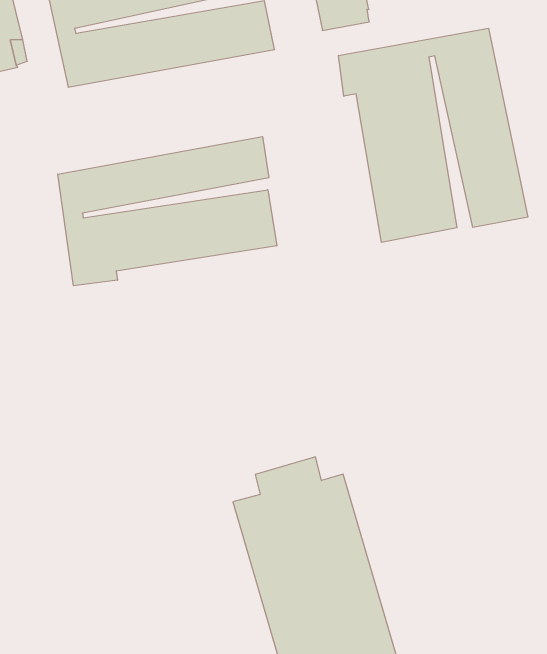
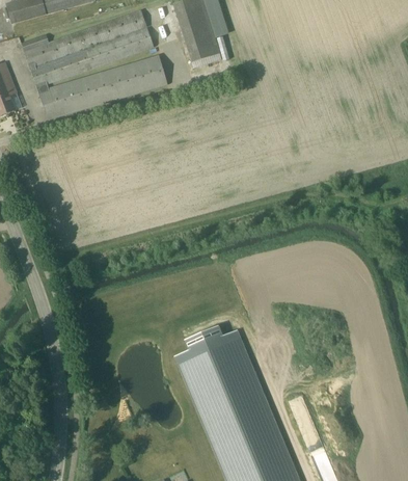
building: [339,28,528,242] -> none
building: [58,137,277,286] -> none

